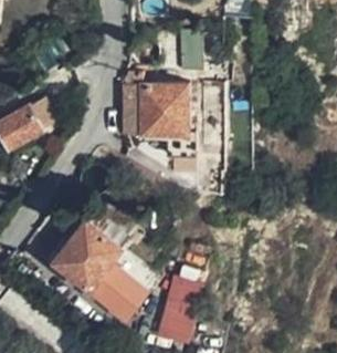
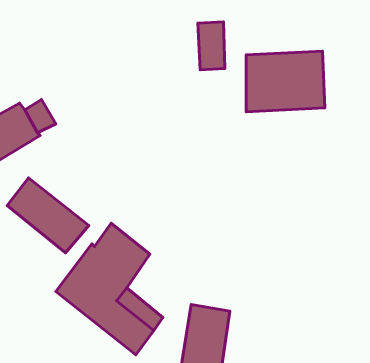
building: [133,82,200,134] -> [246,51,325,112]
building: none -> [7,178,89,253]

